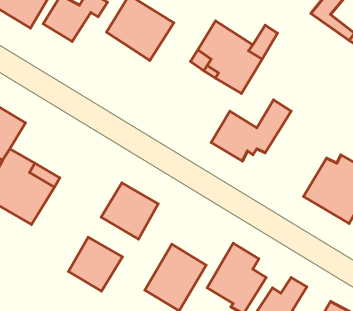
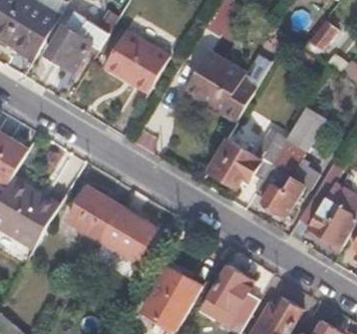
building: none -> [252,105,325,215]
building: [68,237,122,291] -> [68,189,120,241]

